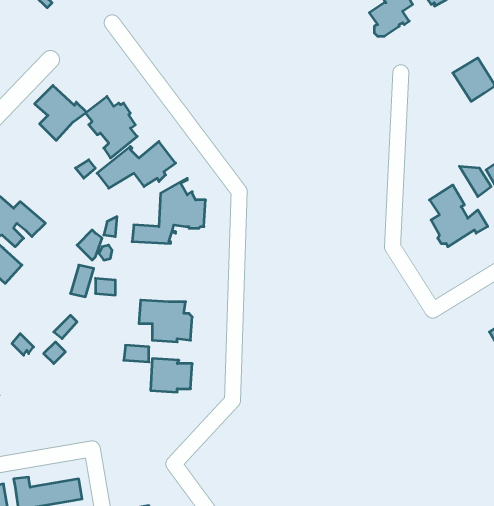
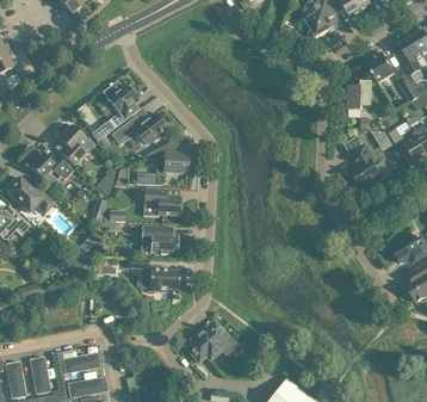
building: [35,85,86,140] -> [58,124,95,163]
building: none -> [348,81,372,110]
building: none -> [144,186,181,215]
building: none -> [186,320,237,361]

